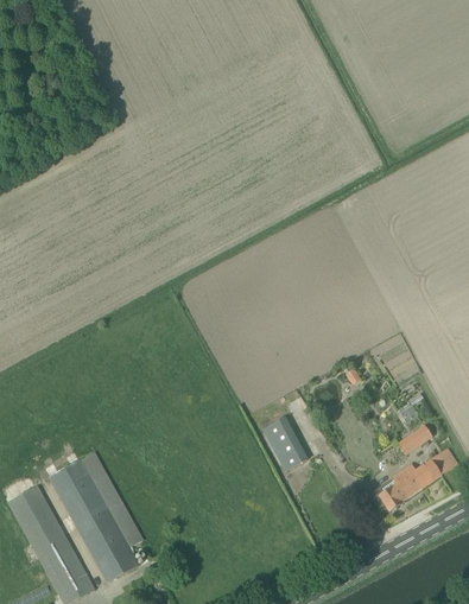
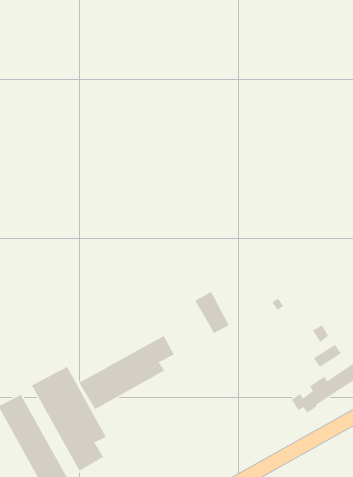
building: none -> [78,335,175,410]
building: [262,418,306,471] -> [194,291,230,334]

